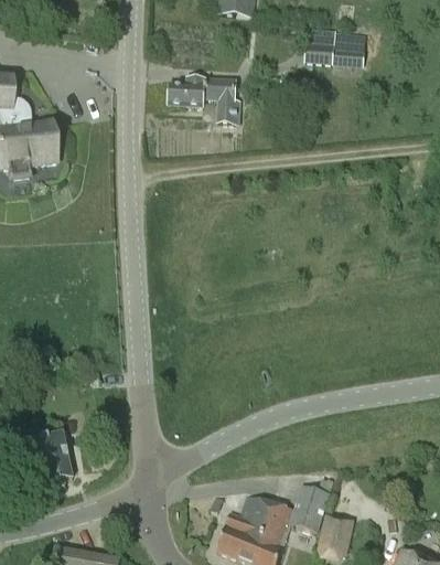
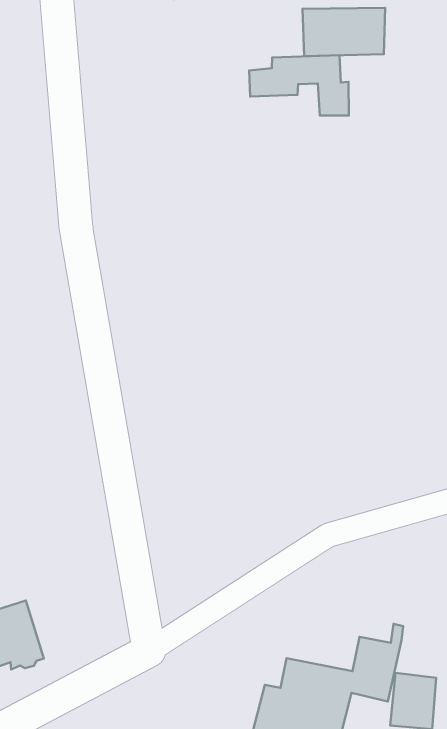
building: [169,77,240,125] -> [249,55,349,116]

